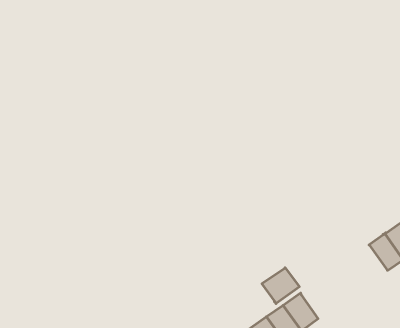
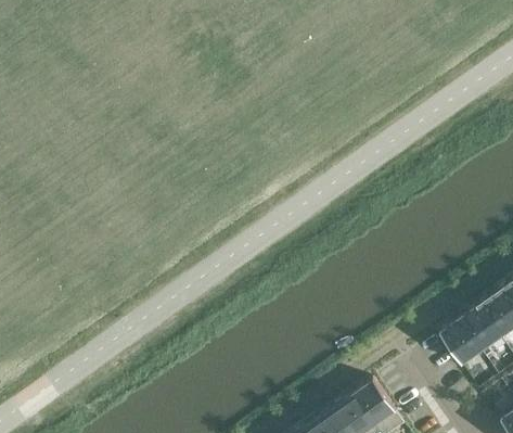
building: none -> [437,320,480,367]
building: [262,268,299,304] -> none

